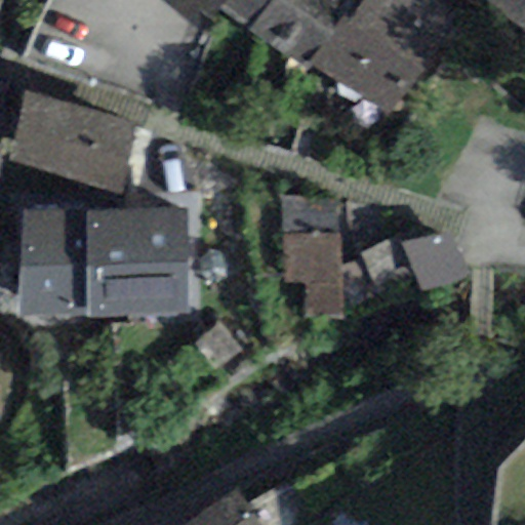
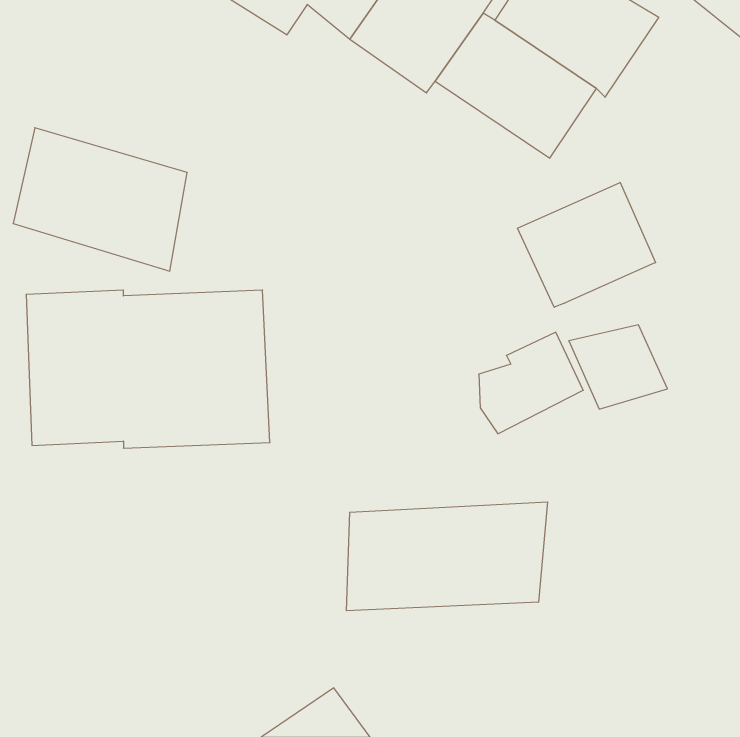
building: none -> [517,182,656,307]
building: [281,195,341,316] -> none
building: none -> [347,502,548,611]

